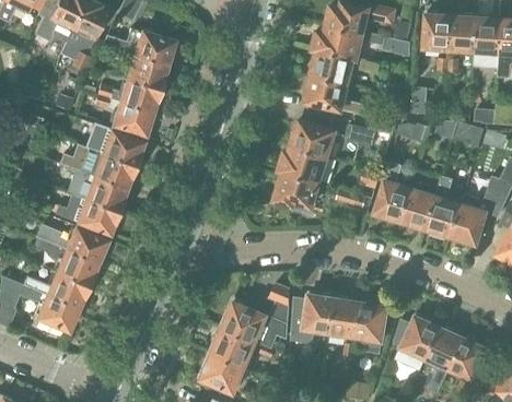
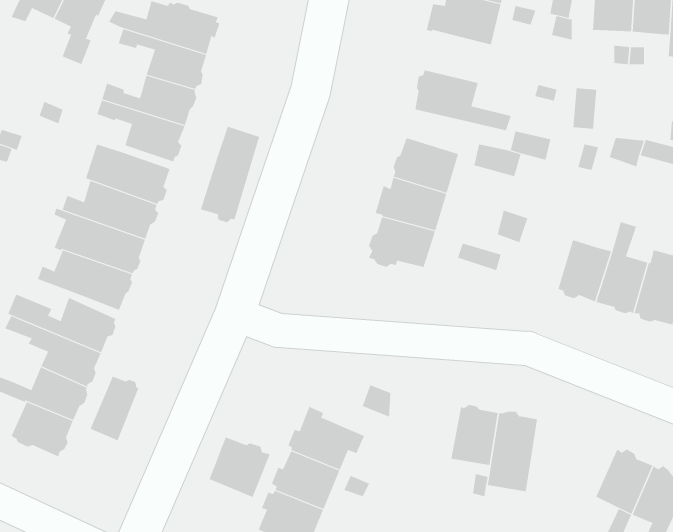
building: [311,49,379,84] -> none
building: none -> [200,126,260,223]
building: [374,162,410,222] -> none
building: none -> [90,376,140,441]
building: [291,294,336,343] -> none
building: [393,316,440,371] -> none
building: none -> [209,437,270,498]

